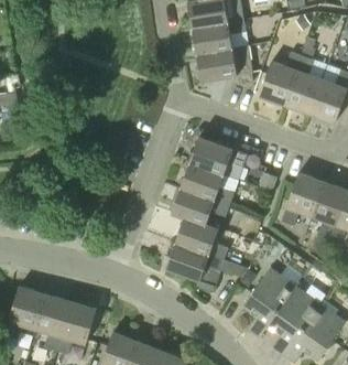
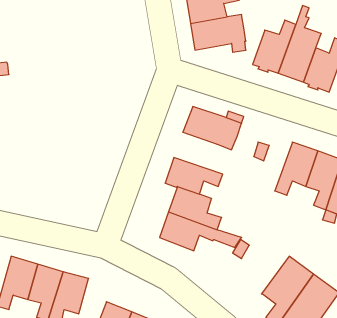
building: [181,162,233,204] -> none
building: [242,268,295,337] -> none

